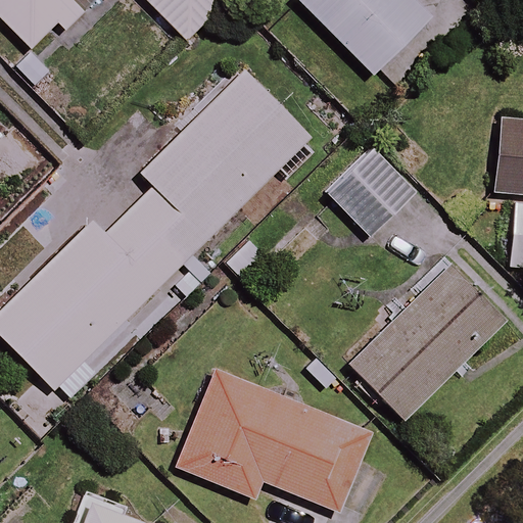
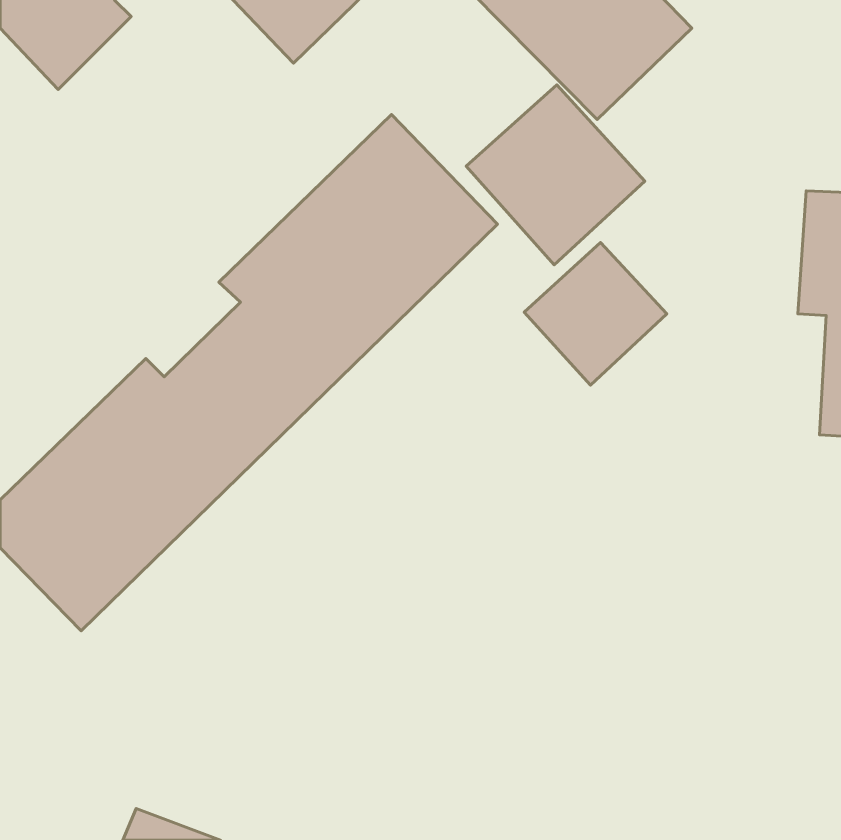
building: none -> [466,85,645,265]
building: [350,268,505,420] -> none
building: [174,366,372,512] -> none

